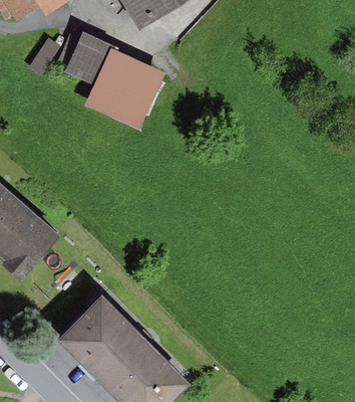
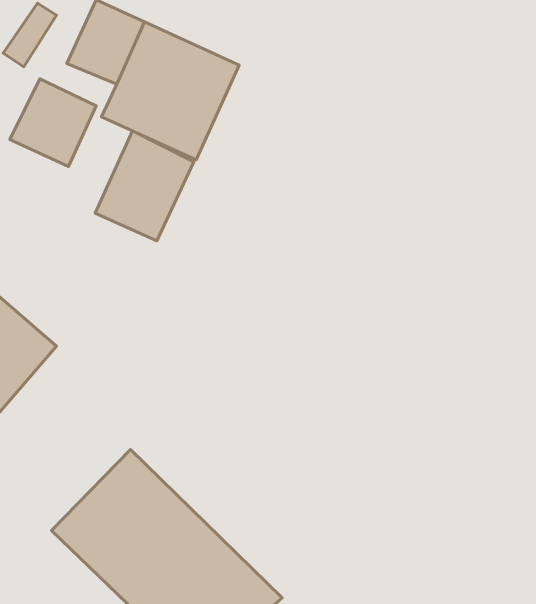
building: none -> [10,79,96,167]
building: none -> [95,131,194,241]

